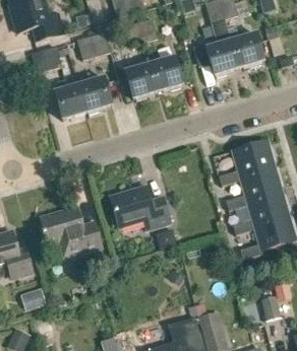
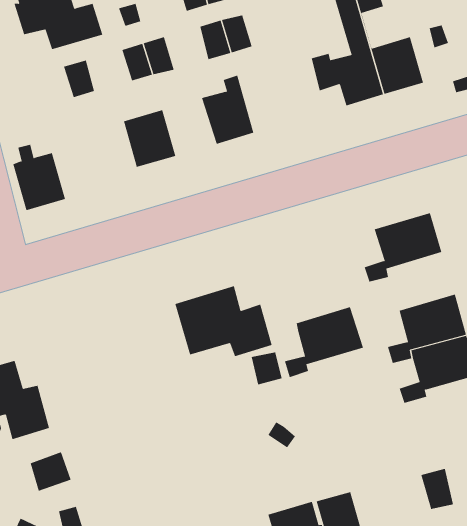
building: [148,54,183,91] -> none
building: [54,79,86,120] -> [13,144,66,211]
building: [233,164,282,208] -> [284,306,364,378]
building: [40,206,102,264] -> none

